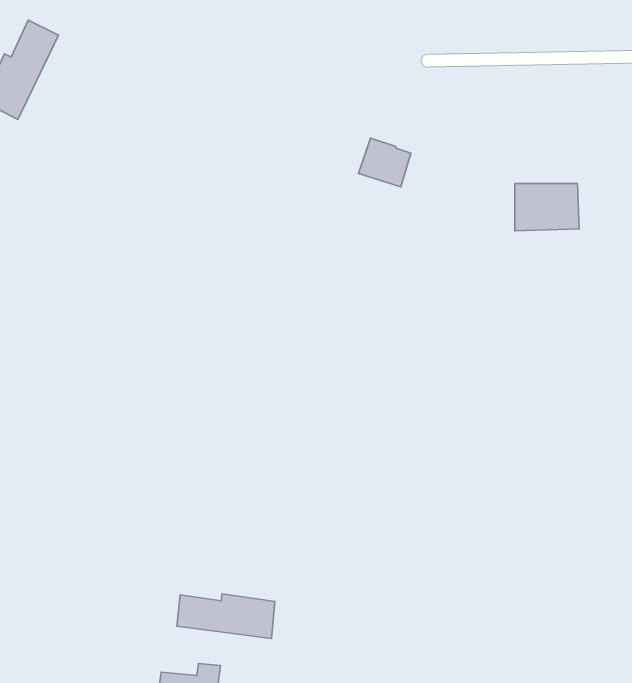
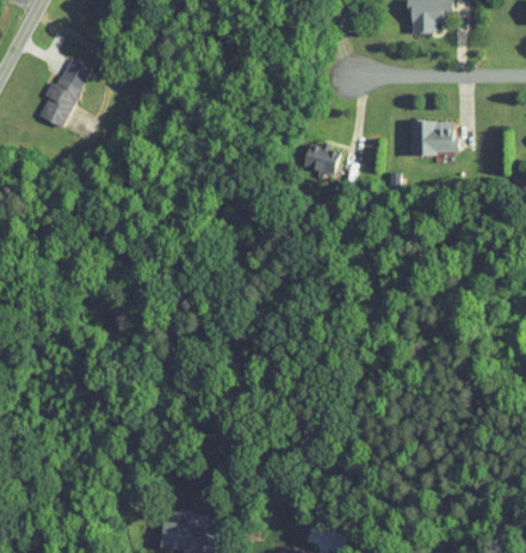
building: [515,184,579,231] -> [411,122,457,155]
building: [177,594,275,638] -> none

